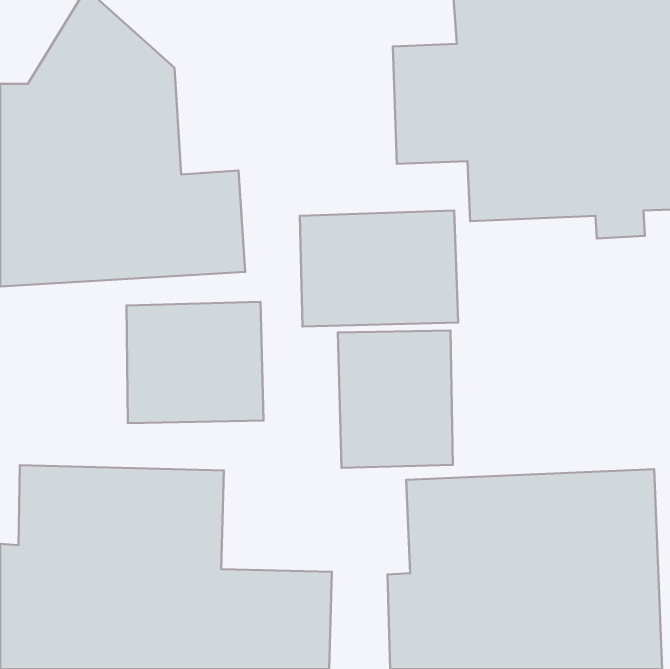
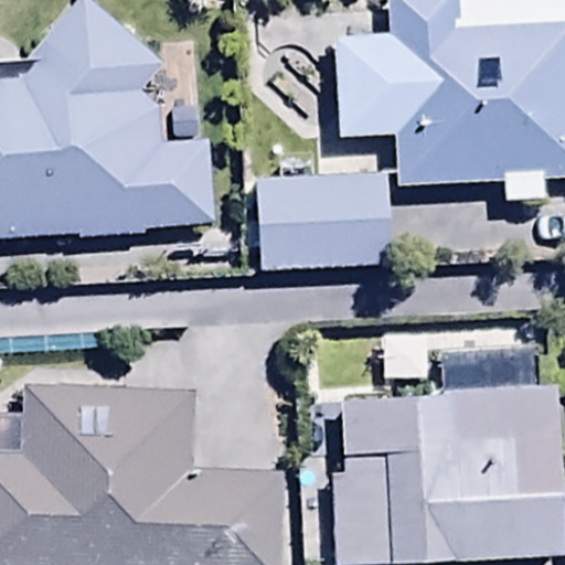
building: [126,302,264,423] -> none
building: [338,331,453,468] -> none

